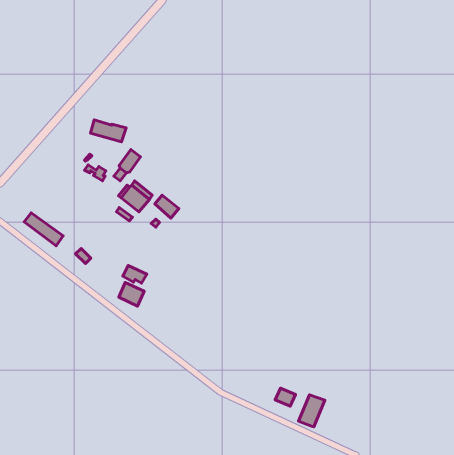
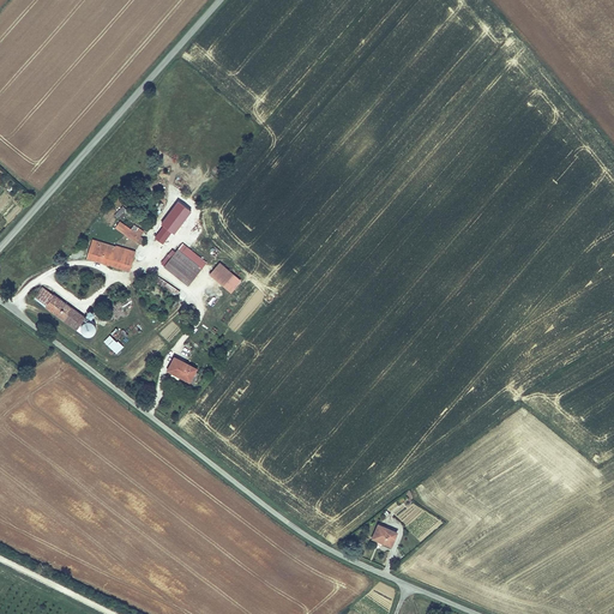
building: [90,120,126,142] -> [86,240,134,270]
building: [119,282,144,306] -> none
building: [298,395,325,427] -> none

